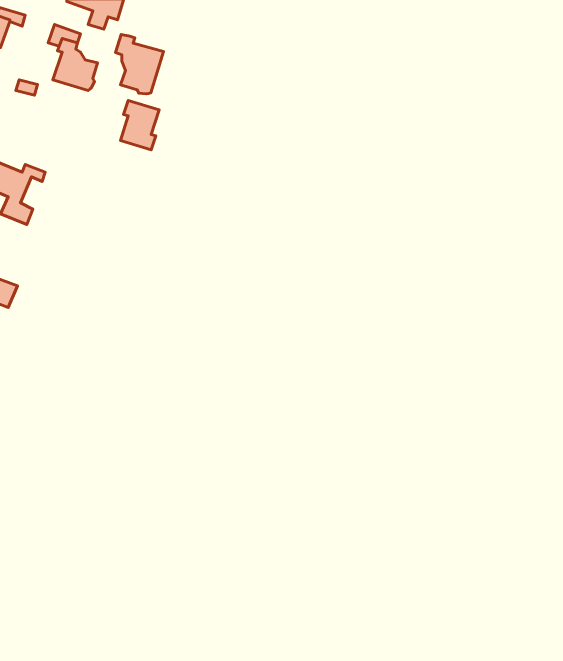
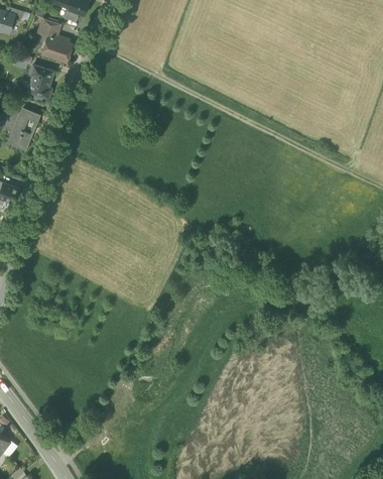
building: [116,35,163,94] -> none
building: [121,101,159,150] -> [28,66,53,98]

